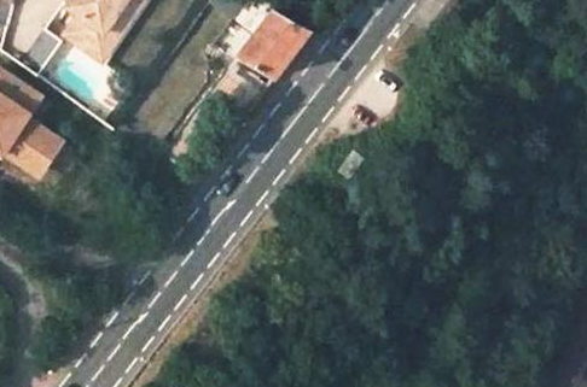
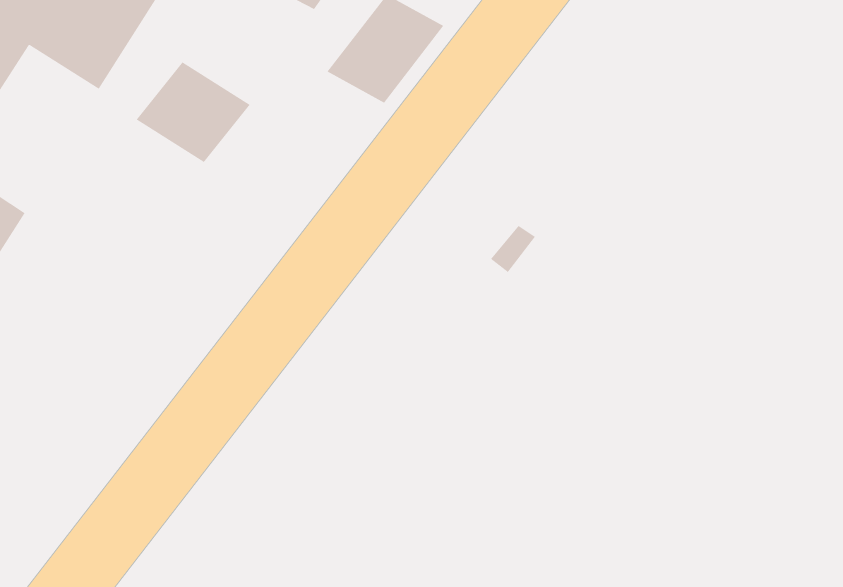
building: none -> [136,61,250,163]

